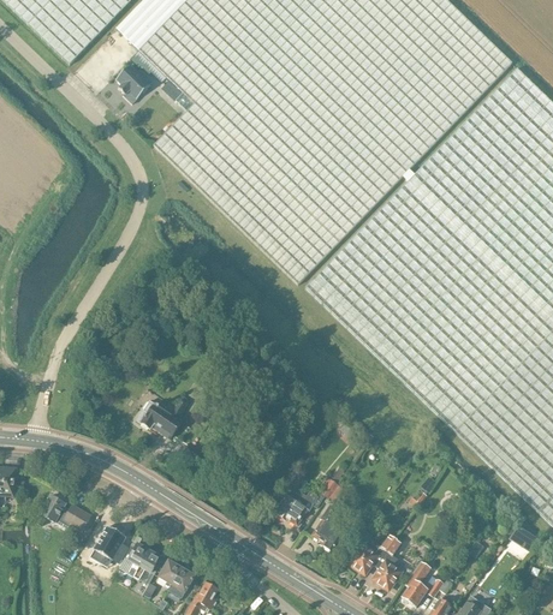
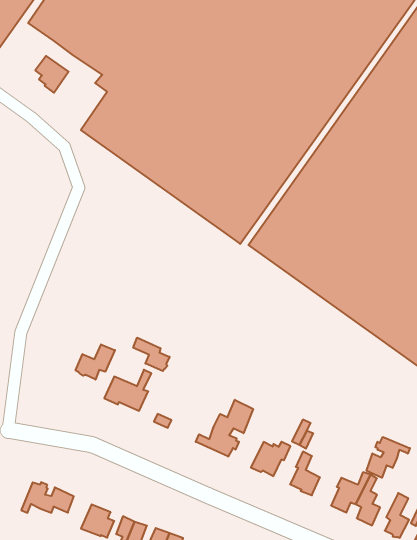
building: none -> [133,338,170,371]
building: none -> [76,344,115,380]
building: none -> [196,400,253,457]
building: none -> [367,437,410,478]

